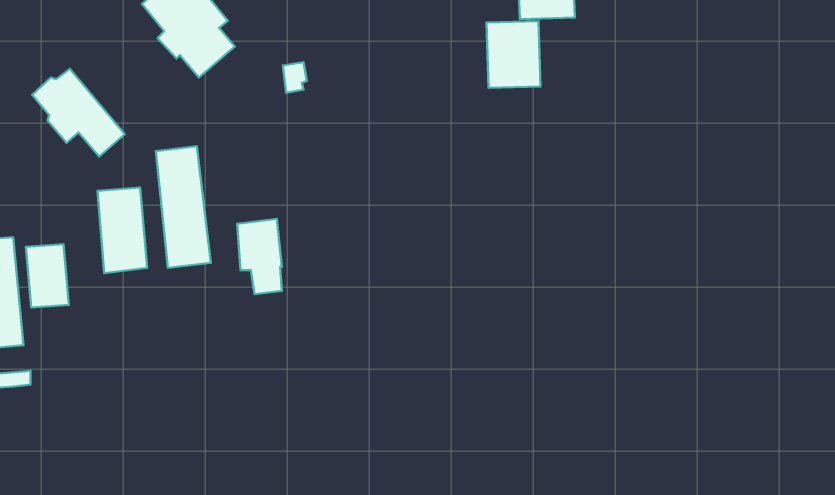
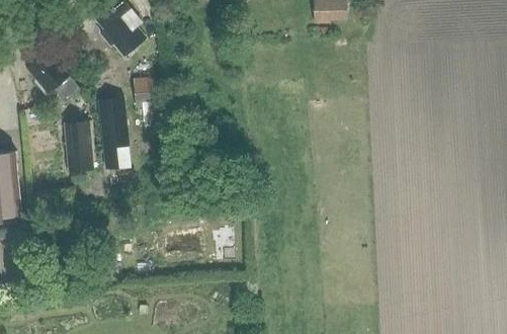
building: [487,21,541,88] -> none
building: [237,219,282,294] -> [134,77,160,121]
building: [26,244,69,307] -> none

